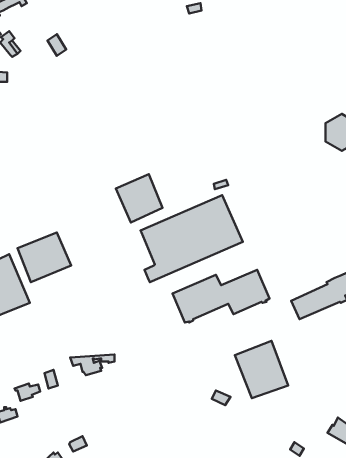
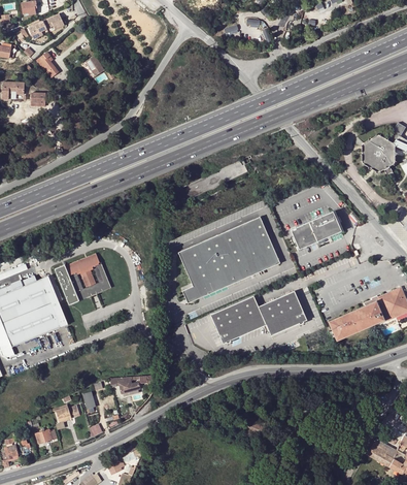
building: [116,174,163,222] -> none
building: none -> [291,212,341,250]
building: [235,341,288,398] -> none

